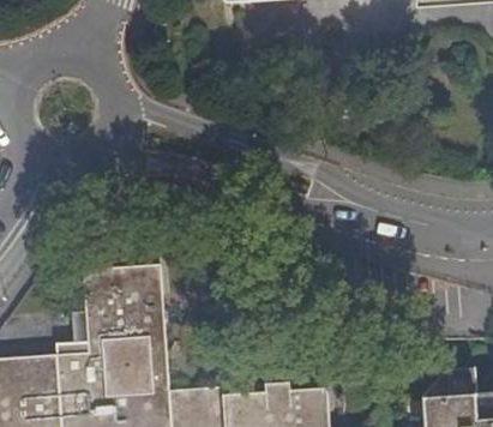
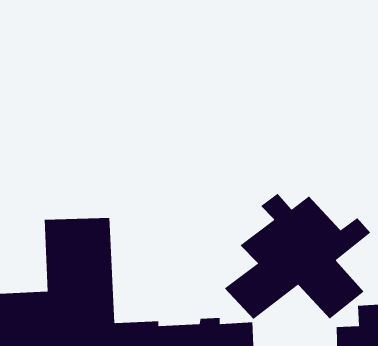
building: none -> [224,193,371,320]

